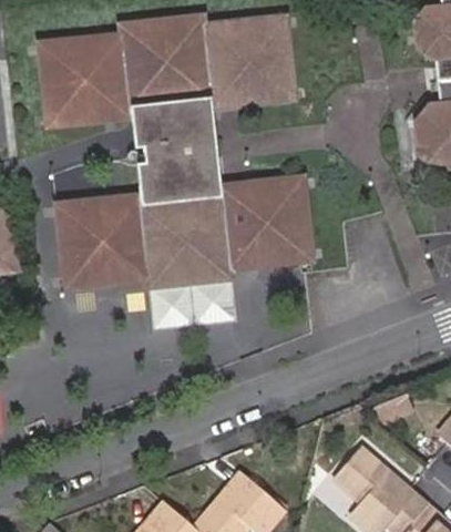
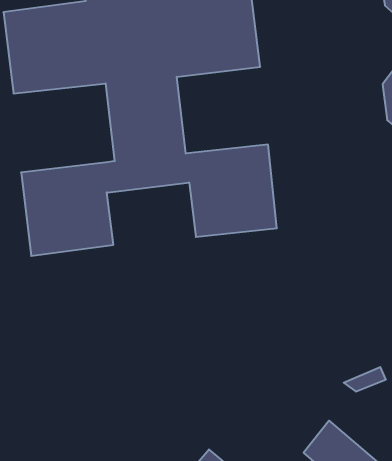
building: [140,213,235,329] -> none

